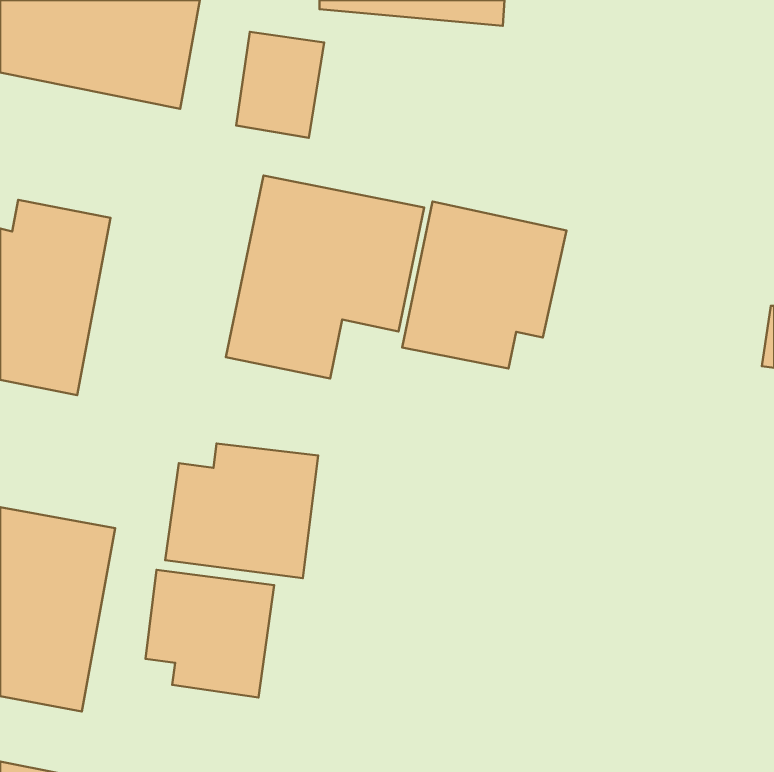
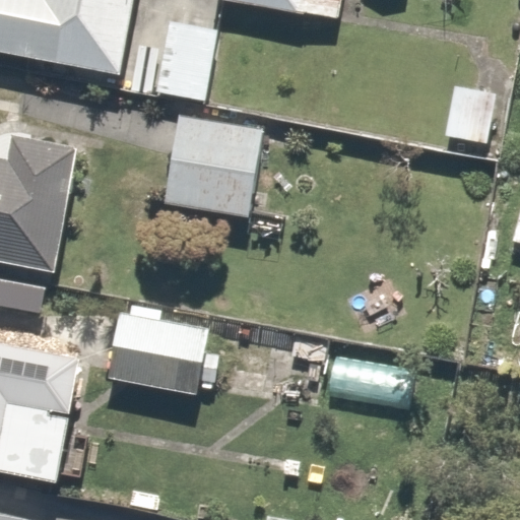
building: [402,202,566,369] -> none
building: [145,570,274,698] -> none

